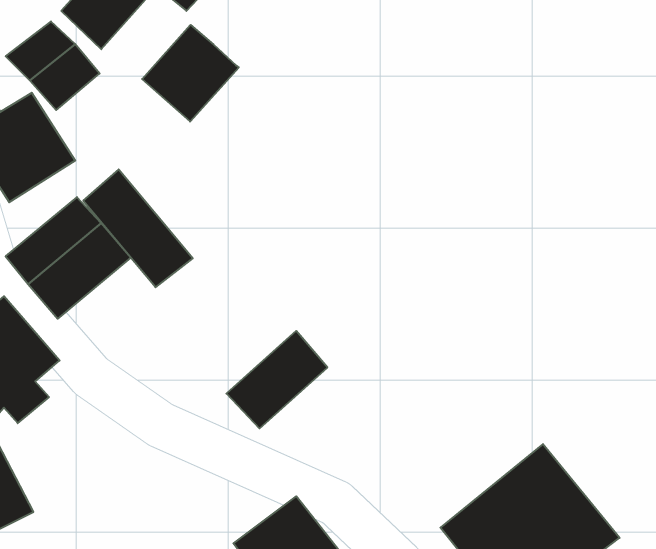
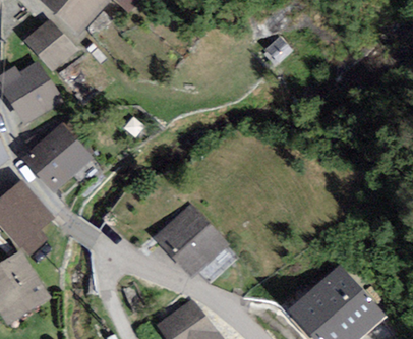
building: [142,25,239,122] -> none
building: [83,169,193,287] -> none
building: none -> [171,221,230,278]

